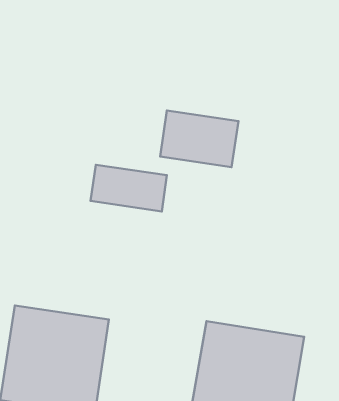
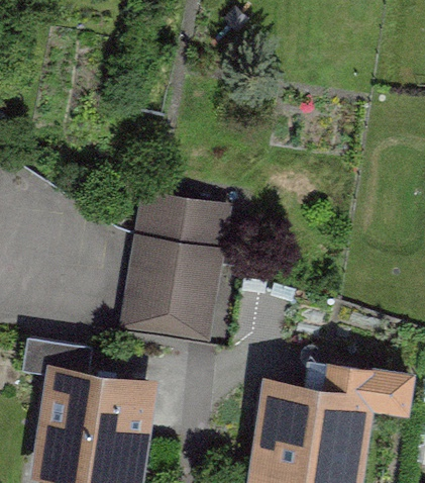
building: [160,111,238,167] -> none
building: none -> [121,235,217,340]

